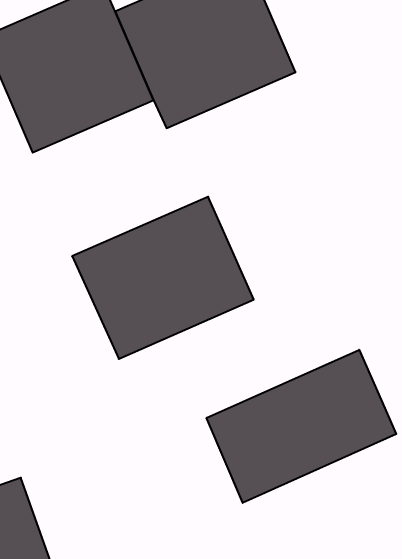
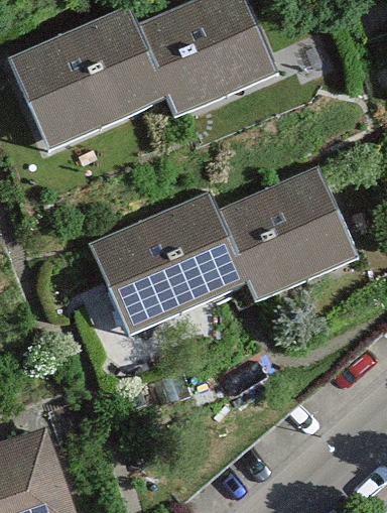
building: none -> [219,170,360,303]
building: [207,350,396,503] -> none

